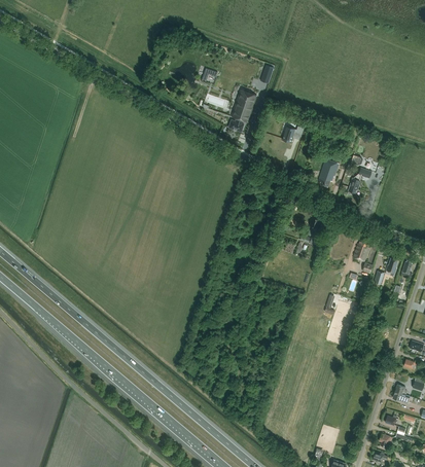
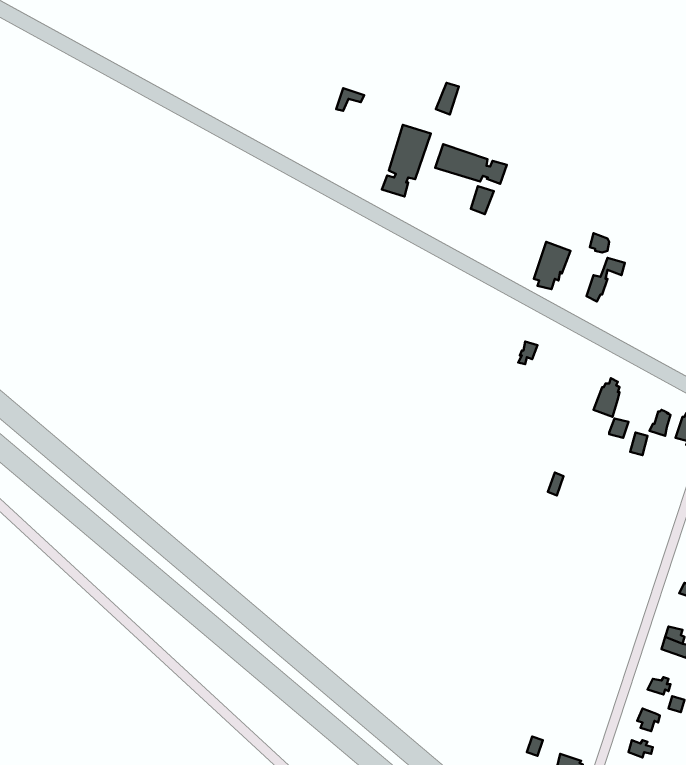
building: none -> [435,144,507,184]

